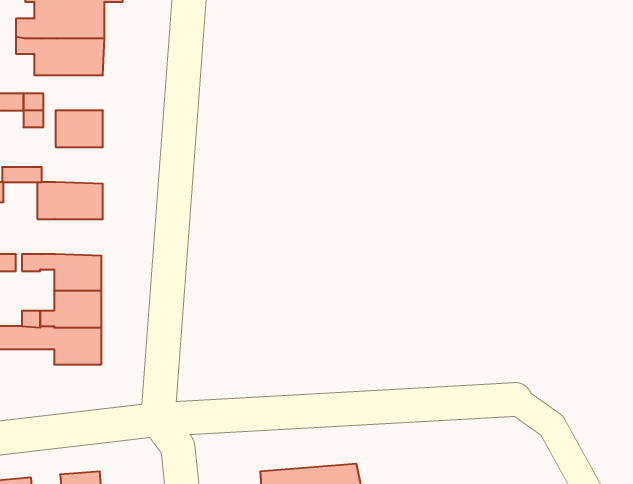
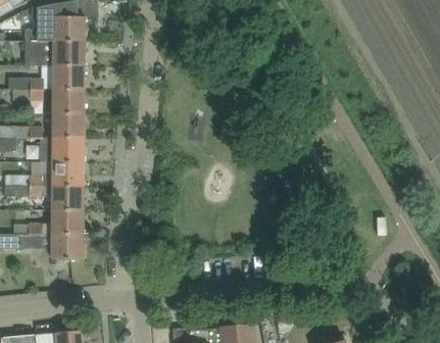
building: none -> [52,66,84,90]
building: none -> [52,114,84,139]
building: none -> [30,162,84,187]

